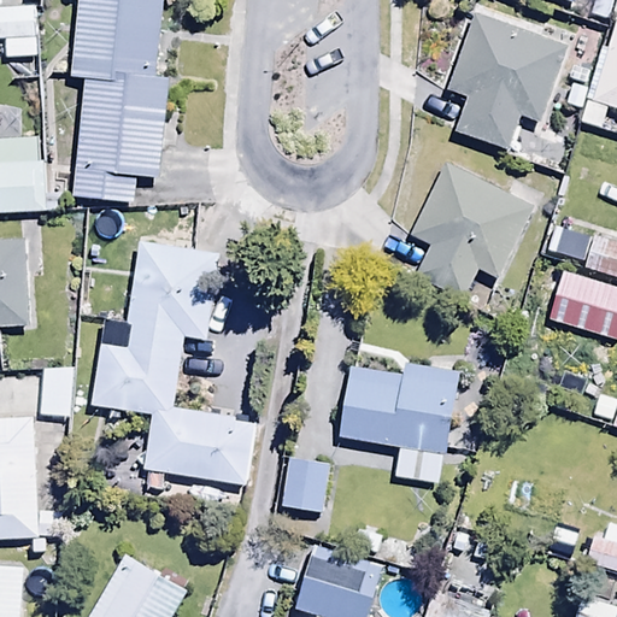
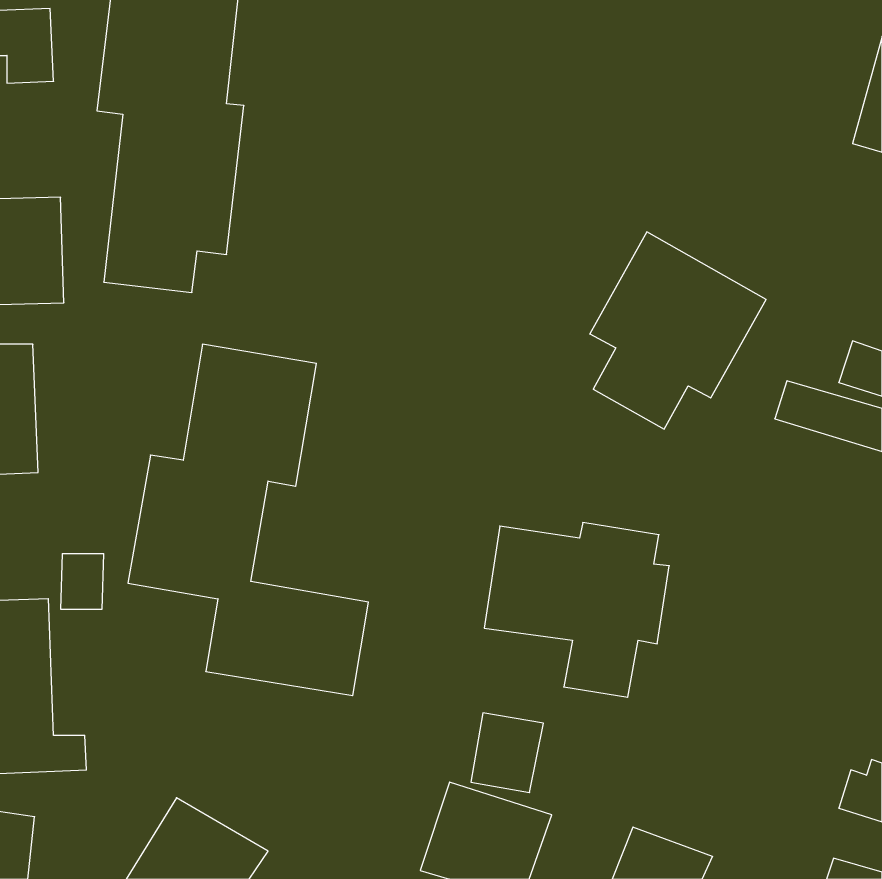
building: [446,11,566,151] -> none
building: [280,458,330,513] -> [471,713,543,793]

